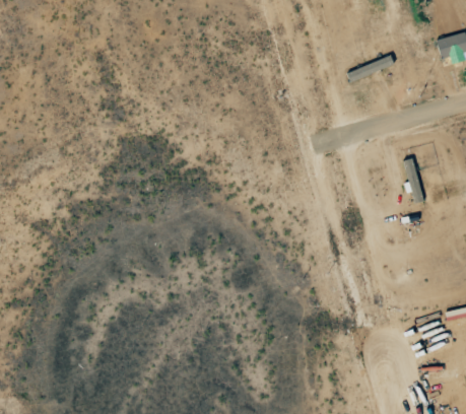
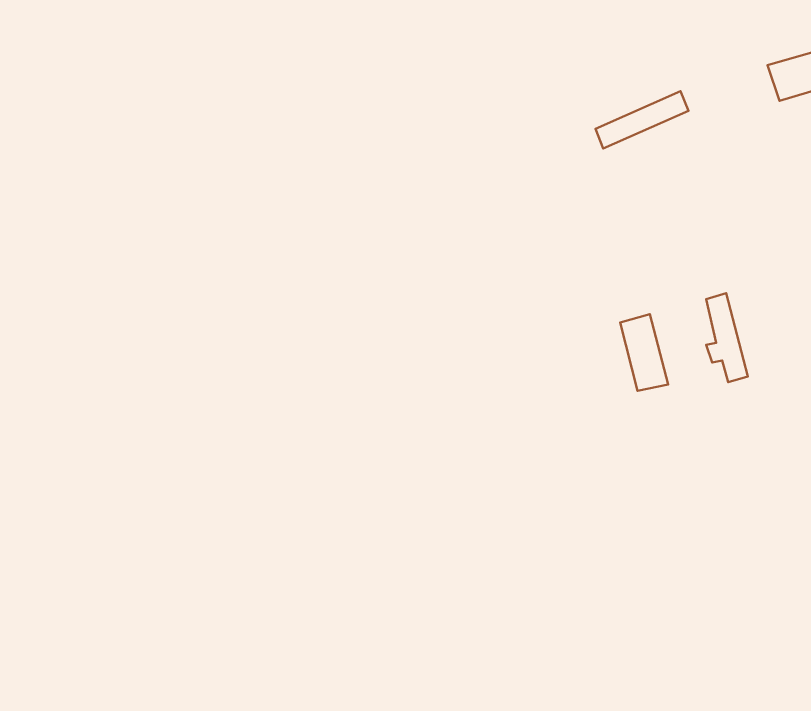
building: none -> [620,314,668,391]

